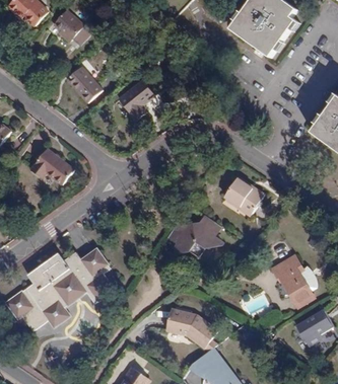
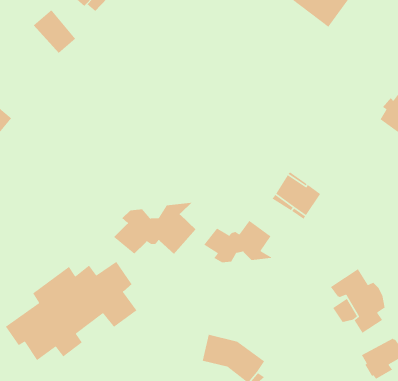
building: [66,66,102,102] -> [33,9,76,54]
building: [118,80,155,121] -> none
building: [30,148,74,184] -> none
building: none -> [113,202,196,255]

